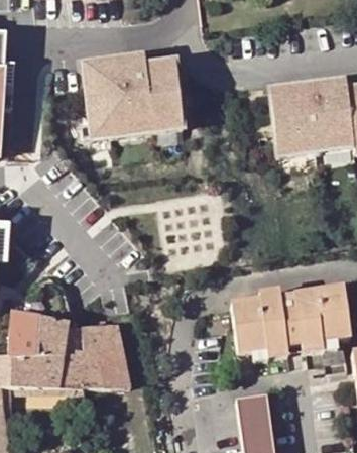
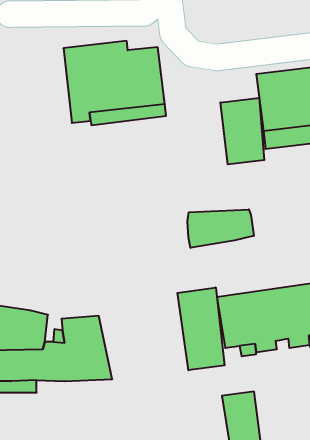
building: none -> [220,98,264,164]
building: none -> [188,209,254,248]
building: none -> [177,287,224,370]

